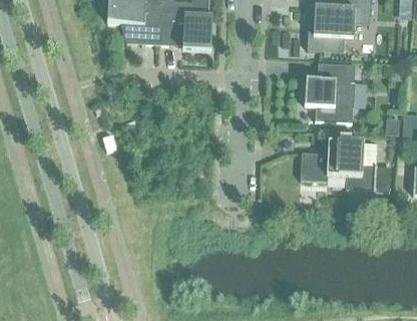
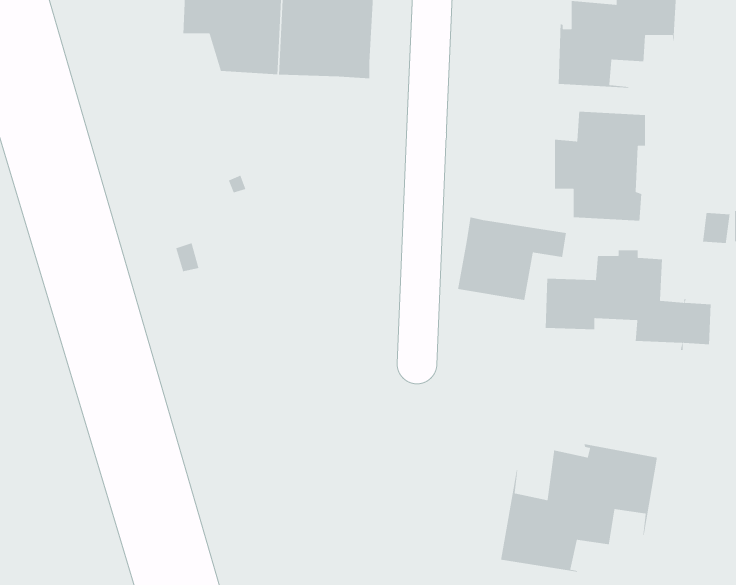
building: none -> [457,217,567,301]
building: none -> [500,443,658,573]

